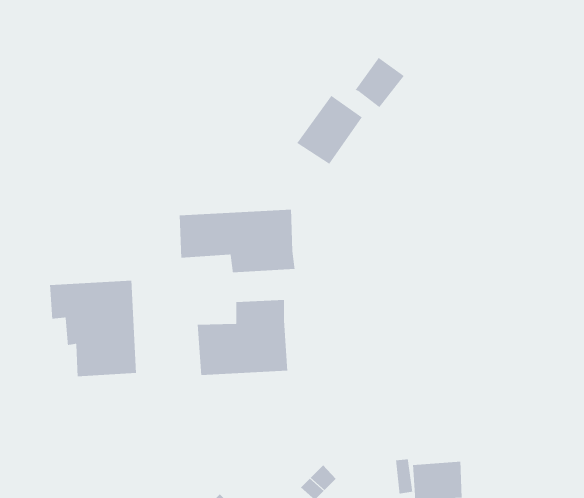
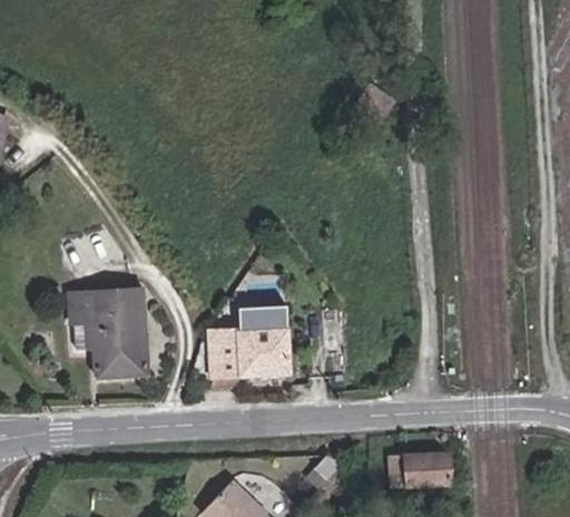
building: [296,95,363,165] -> none
building: [179,209,296,273] -> none

